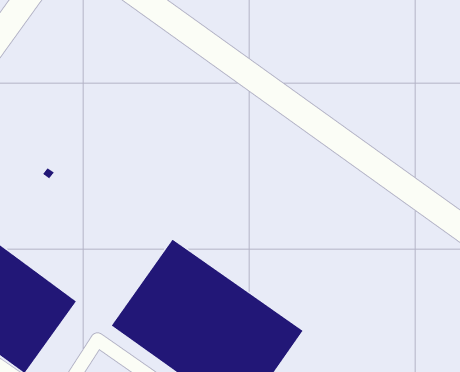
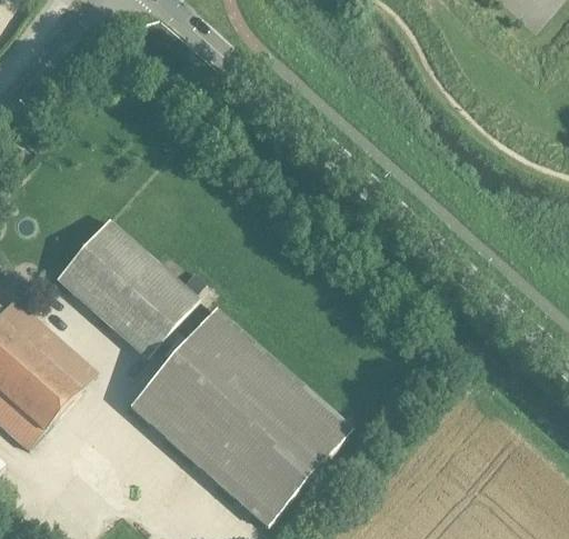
building: none -> [56,219,198,357]

